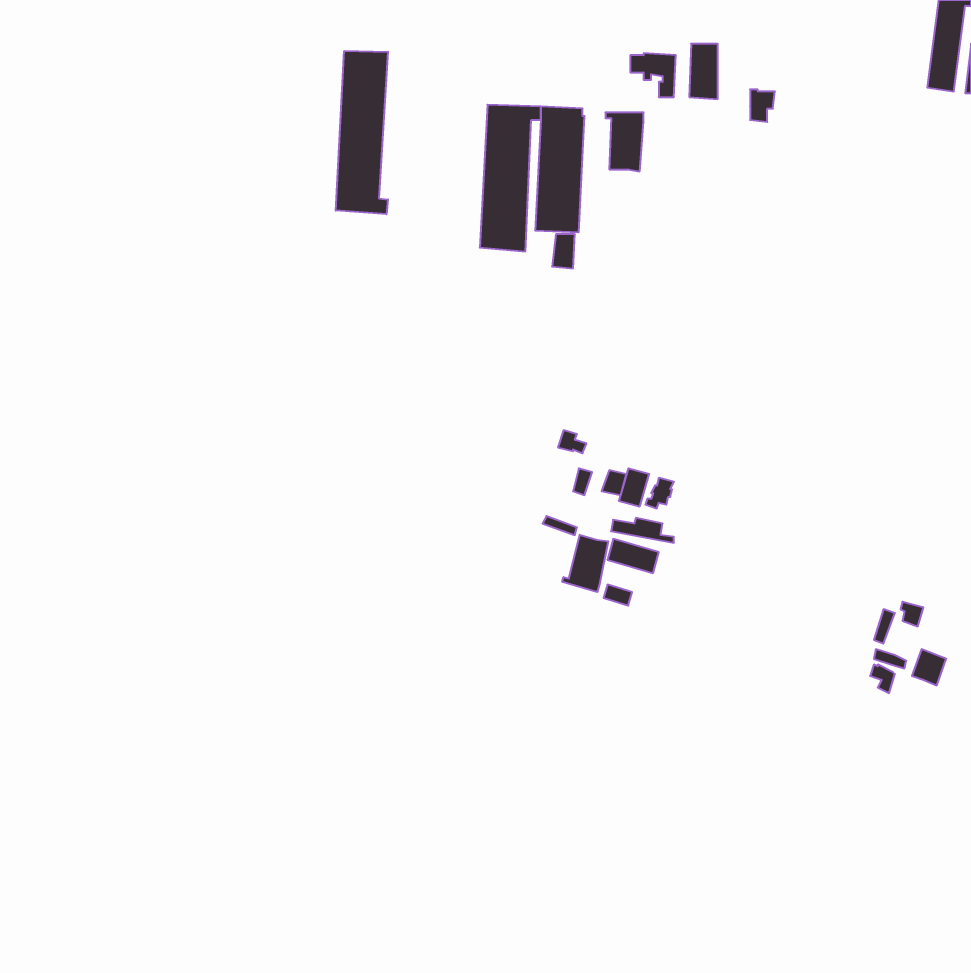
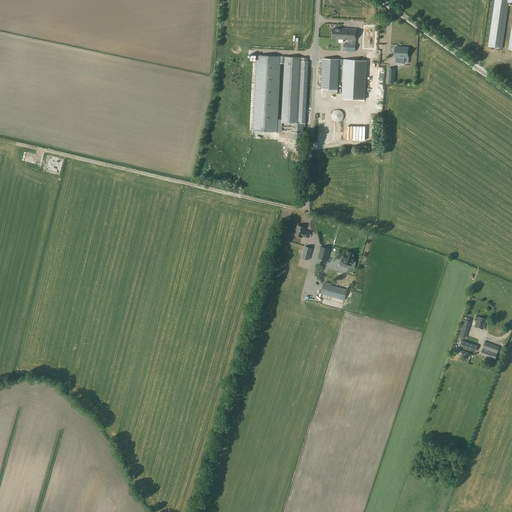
building: [336,51,388,214] -> none
building: none -> [338,59,366,99]
building: [562,535,608,592] -> none

